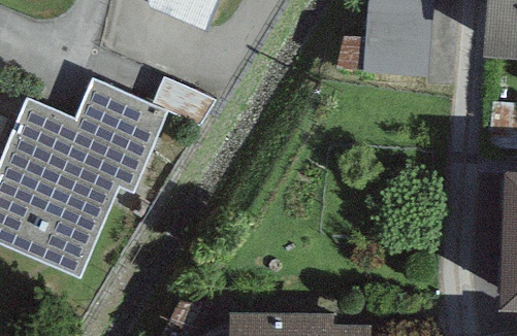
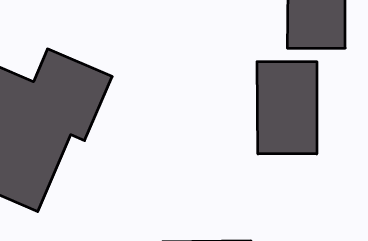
building: none -> [257,62,317,154]

